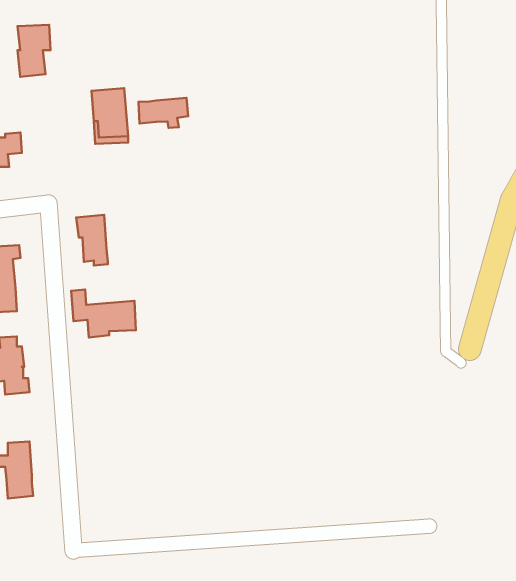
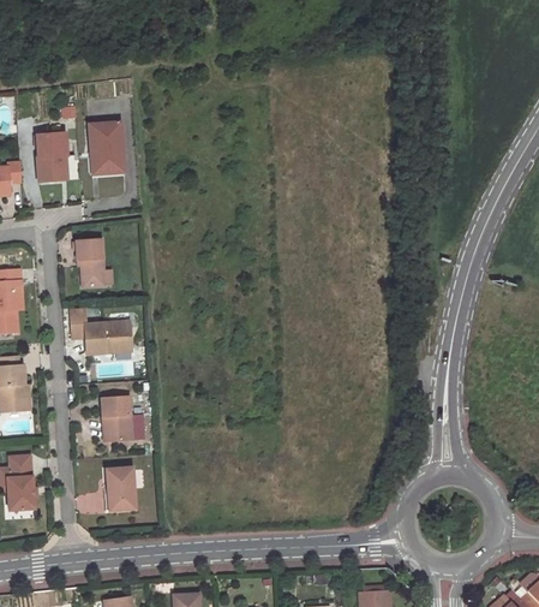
building: [18,25,50,77] -> [36,132,67,181]
building: [138,98,188,128] -> none
building: none -> [102,398,144,442]
building: none -> [106,469,134,511]

